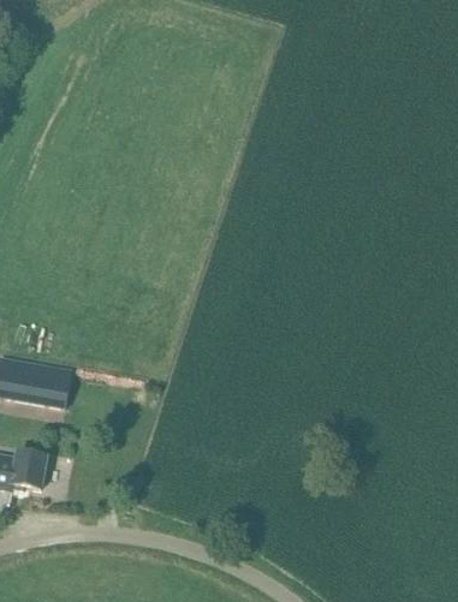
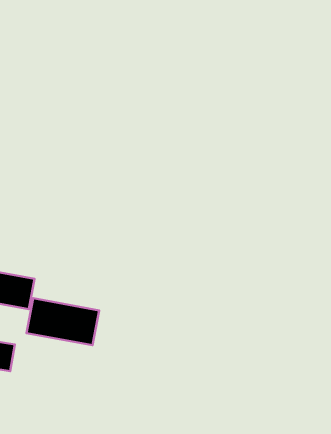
building: none -> [27,298,99,345]

